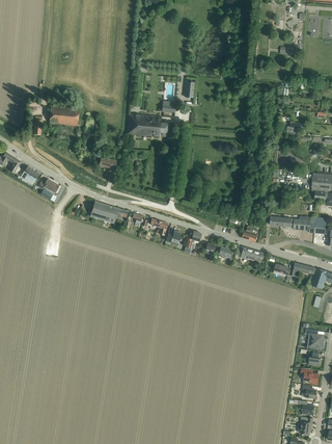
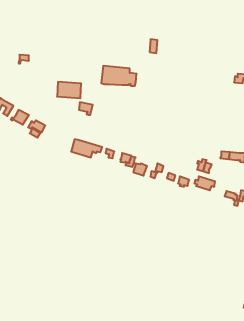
building: [50,106,79,126] -> [57,82,81,98]

